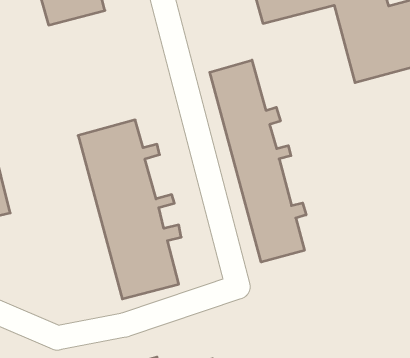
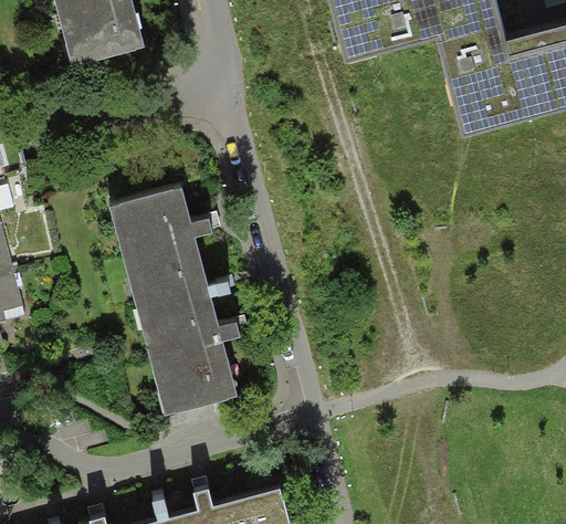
building: [210,60,306,262] -> none

